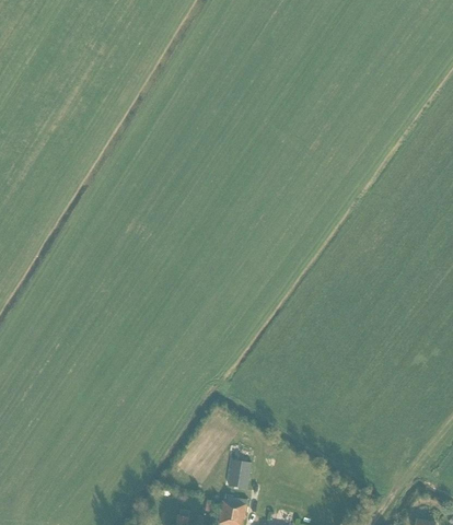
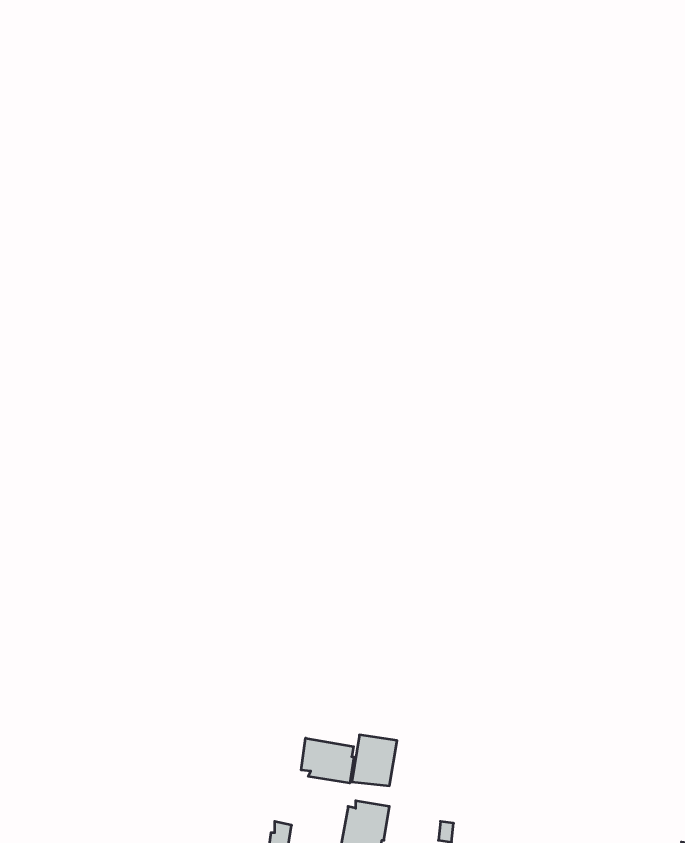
building: none -> [301,738,354,783]

